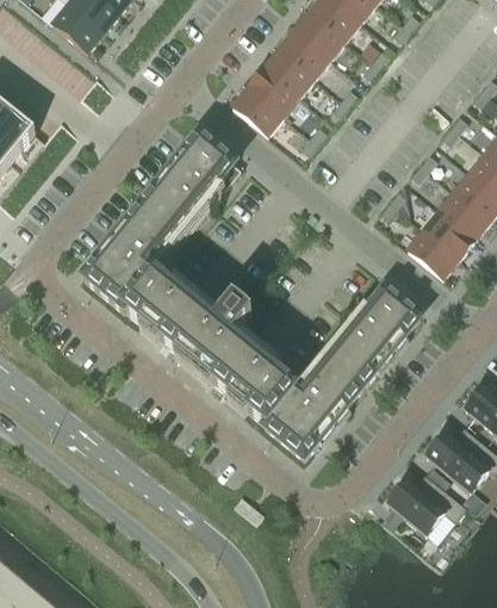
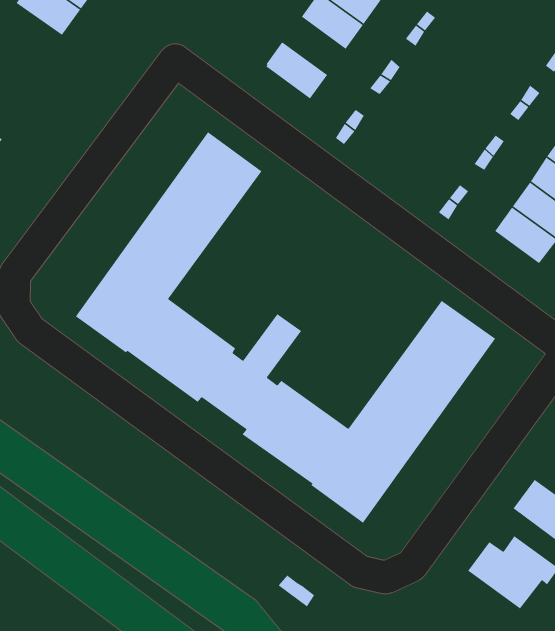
building: [263,48,313,95] -> none
building: [231,86,282,134] -> none
building: [406,229,458,277] -> none

